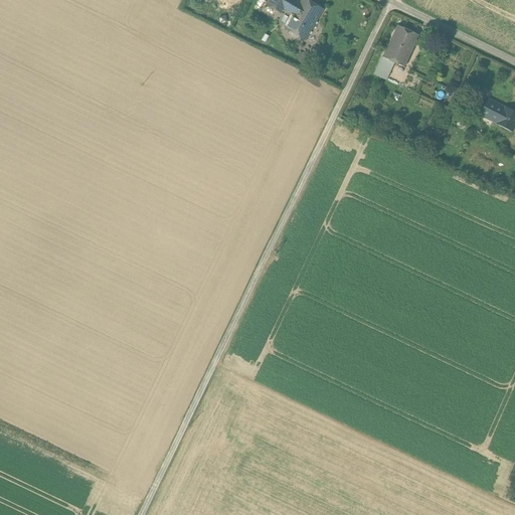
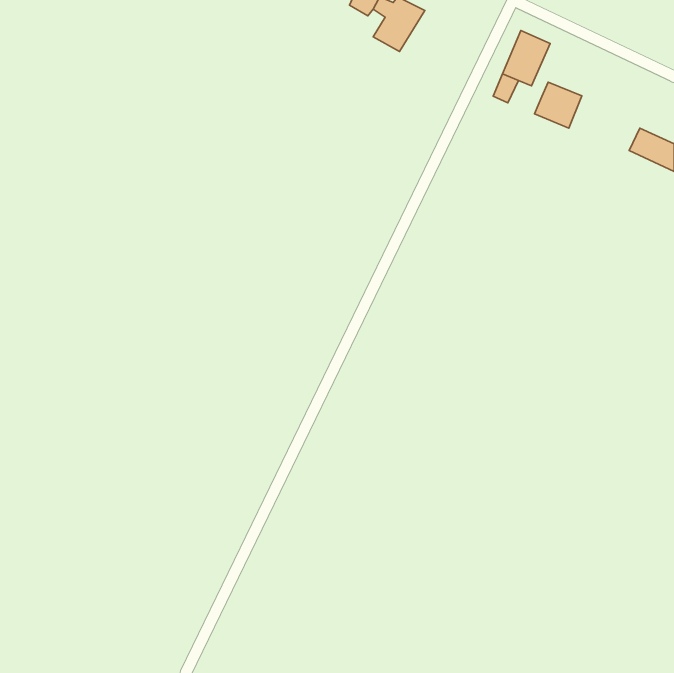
building: none -> [535,82,582,128]

